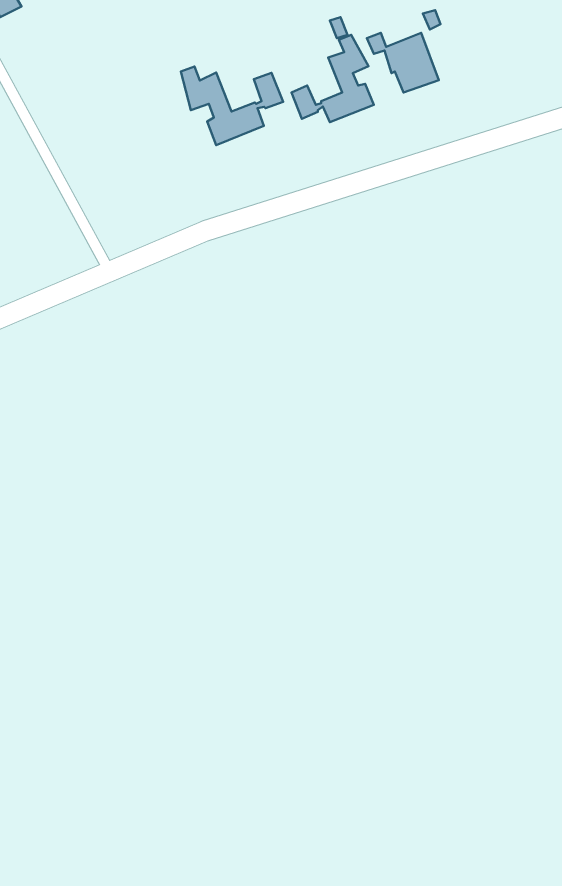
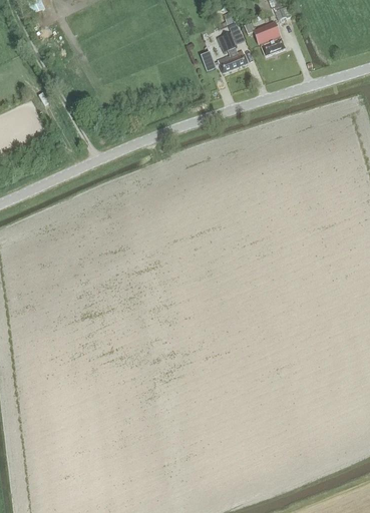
building: [181,67,283,145] -> none

